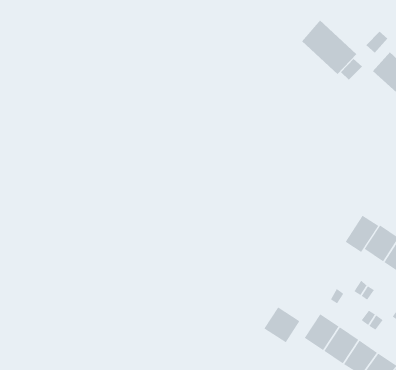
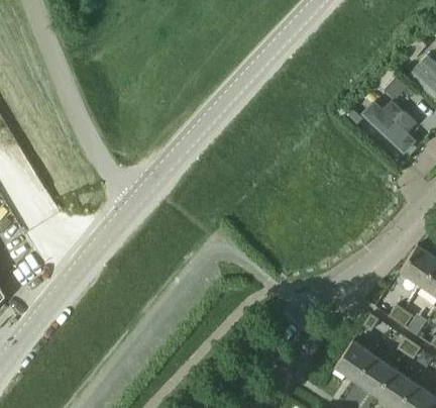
building: [301,20,357,75] -> [365,95,426,155]
building: [345,215,379,253] -> none
building: [264,307,300,343] -> none

